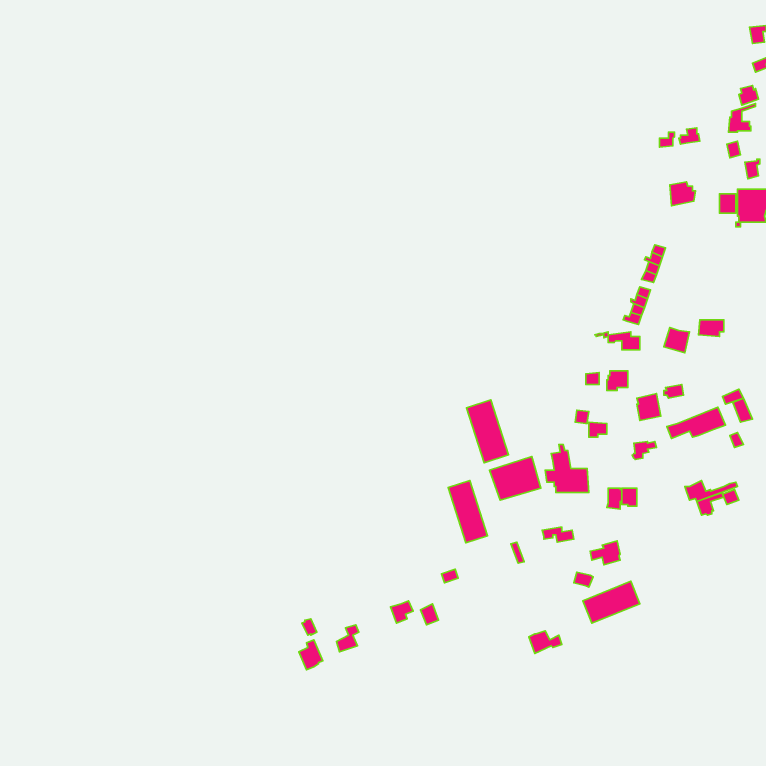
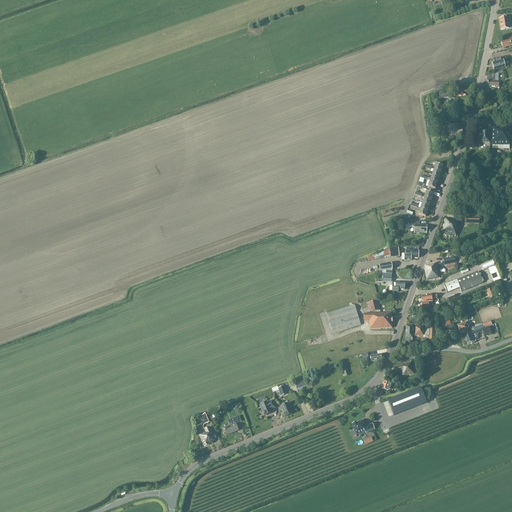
building: [466,400,508,463] -> none
building: [448,480,488,543] -> none

